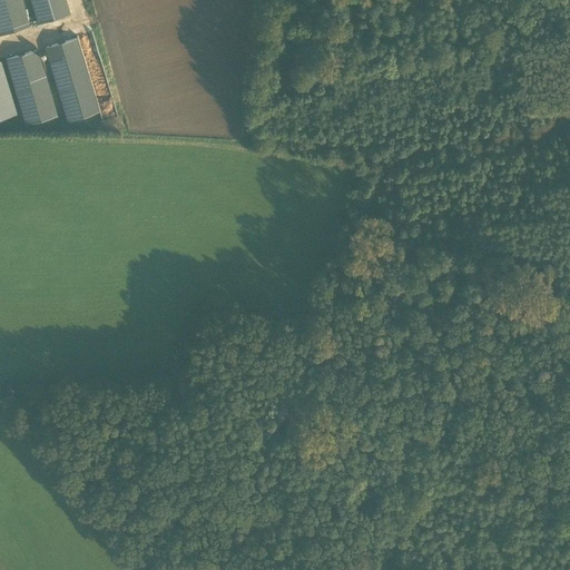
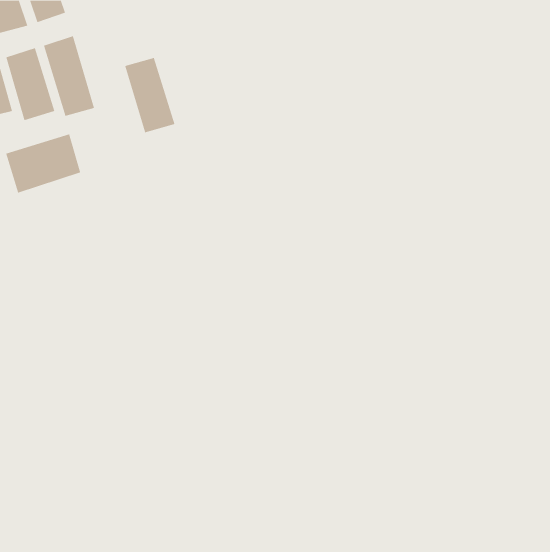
building: none -> [124,57,175,133]
building: none -> [5,134,81,194]

